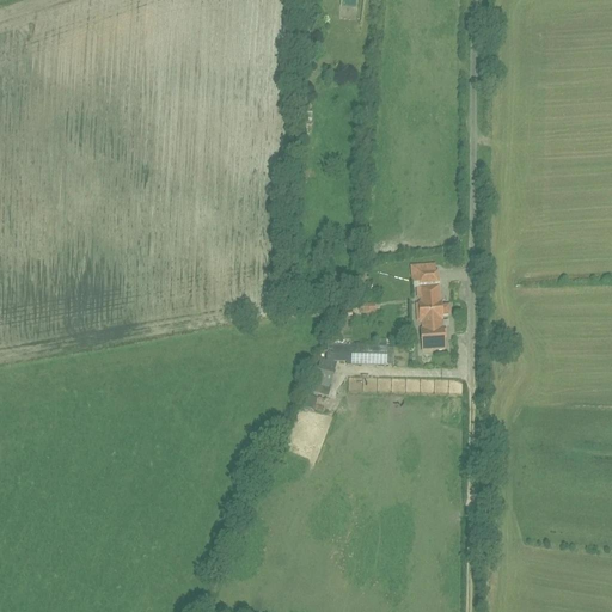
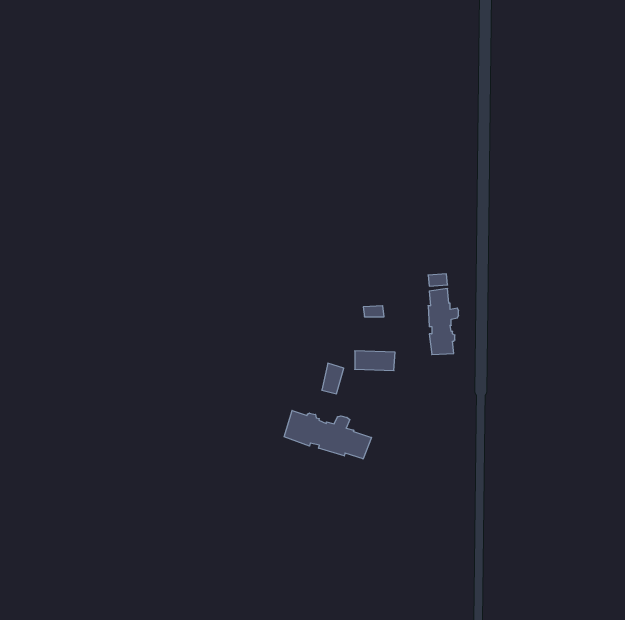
building: none -> [284,410,371,459]

